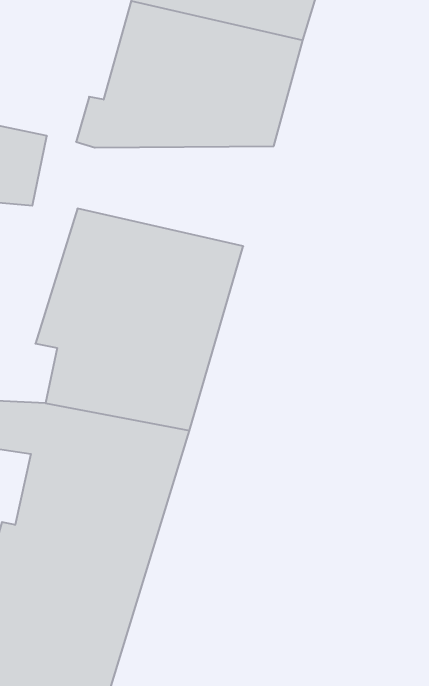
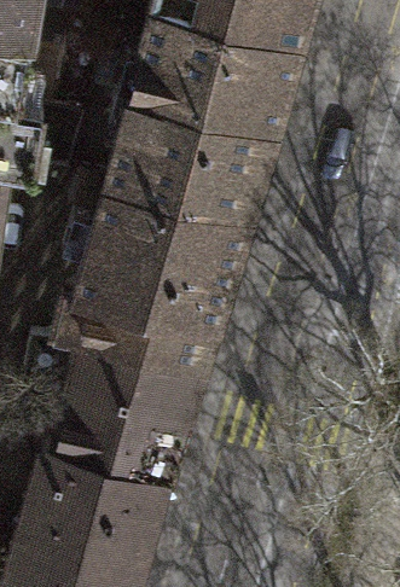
building: none -> [105,130,268,214]

